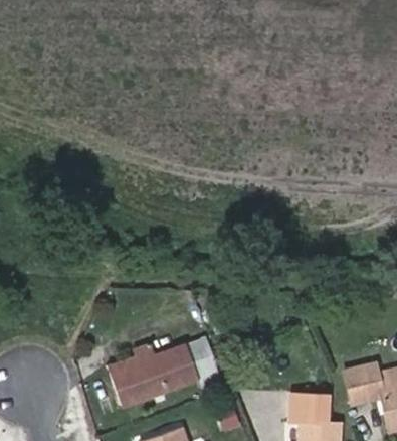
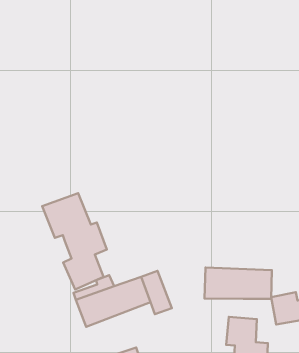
building: none -> [42,193,107,289]
building: none -> [204,268,272,299]

